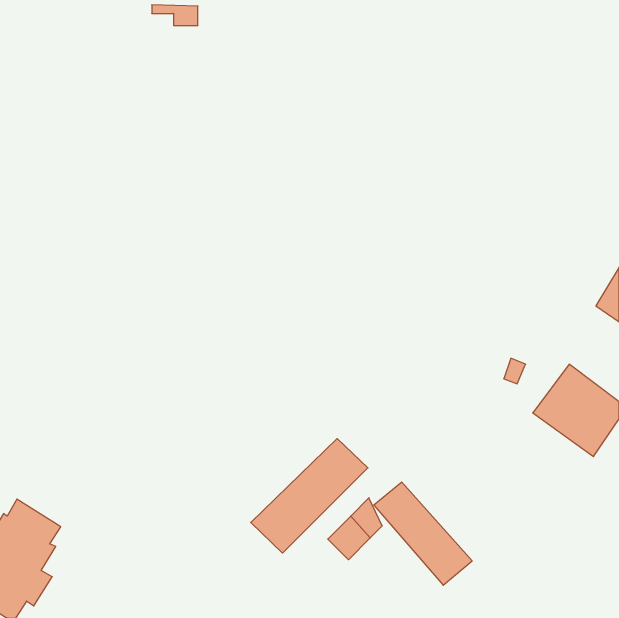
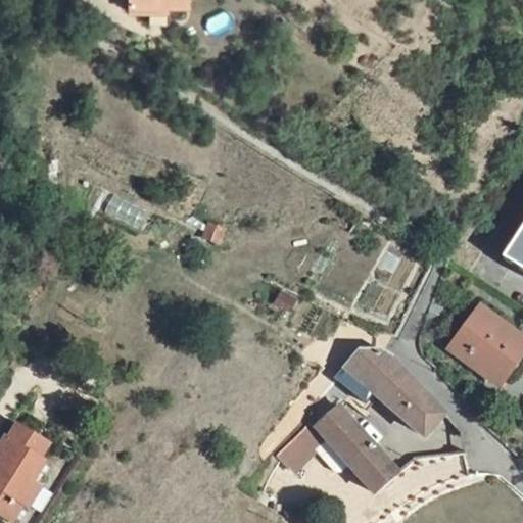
building: none -> [343,347,442,434]
building: [251,439,368,553] -> none

